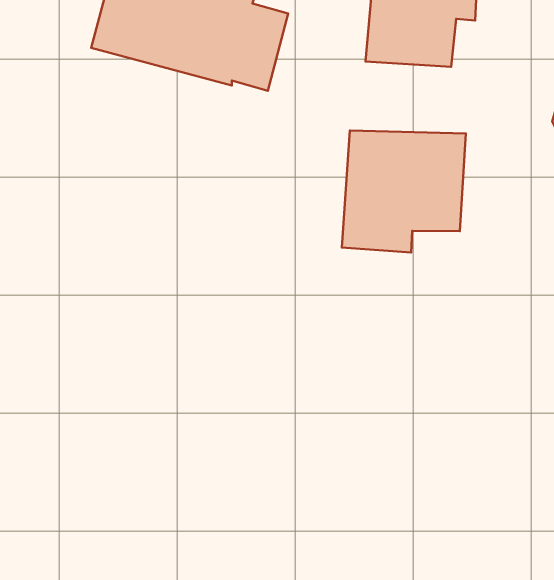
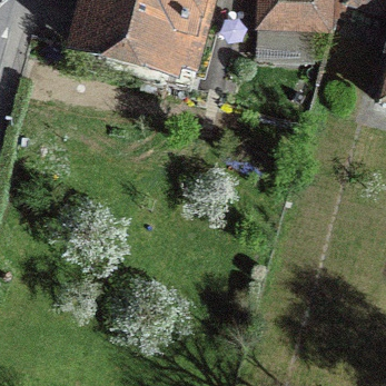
building: [342,130,466,253] -> none

